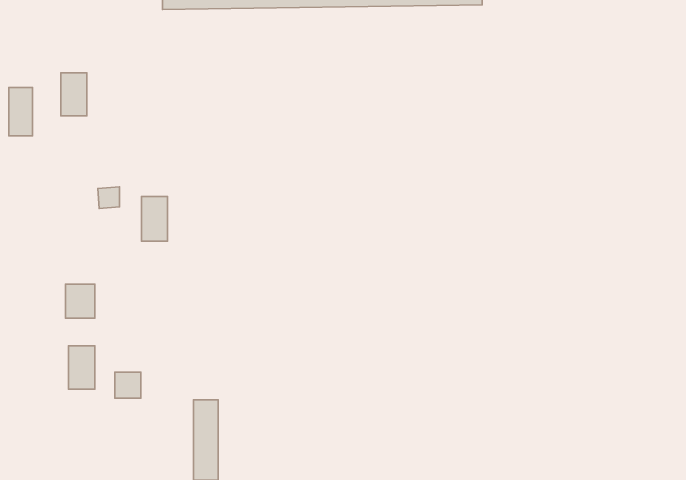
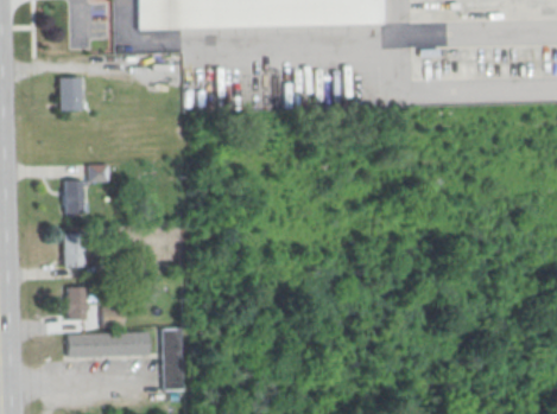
building: [9,87,33,136] -> none
building: [141,197,168,241] -> [64,179,84,214]
building: none -> [67,332,148,356]

